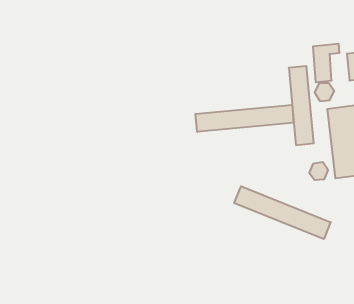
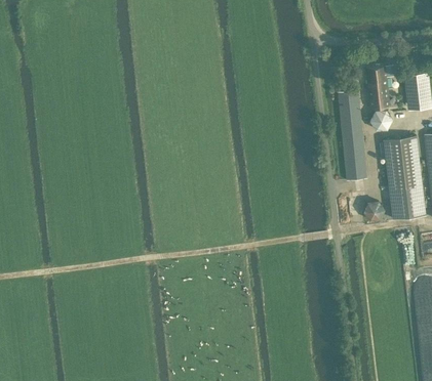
building: [196,105,294,132] -> none
building: [234,186,331,239] -> none

